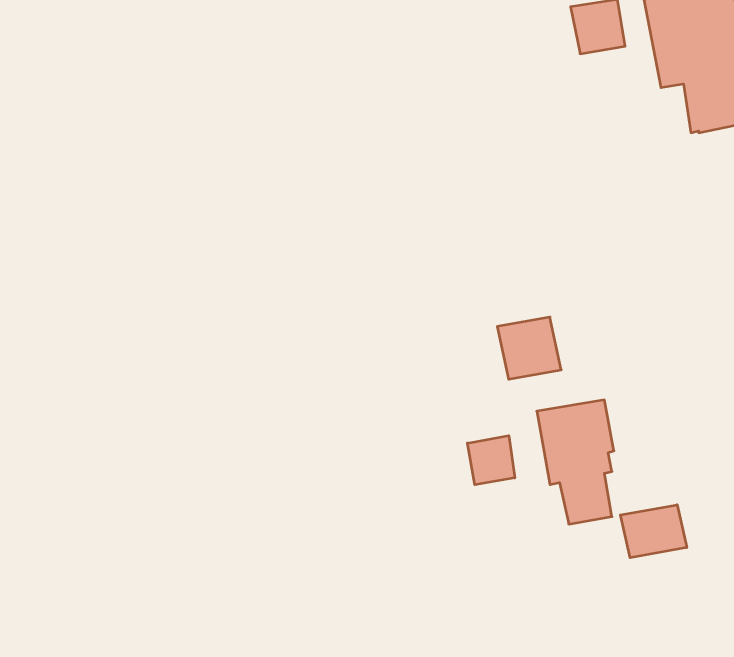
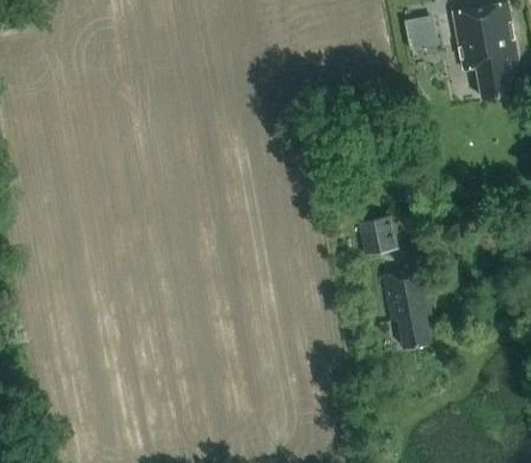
building: [467,436,515,485] -> none
building: [620,505,687,558] -> none

